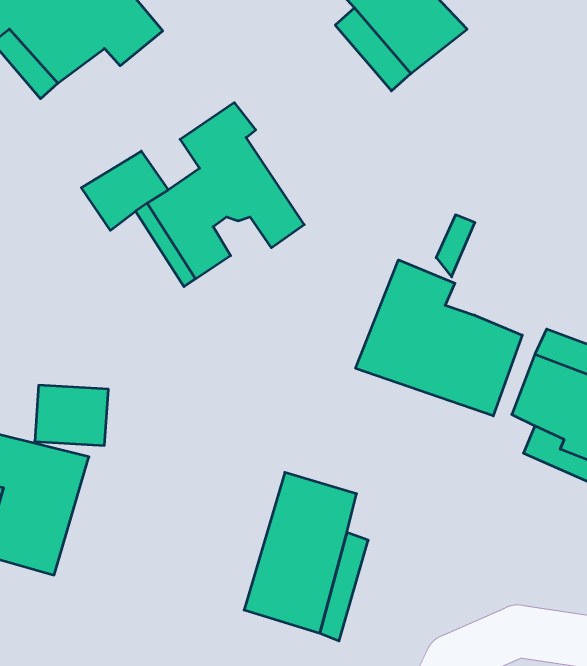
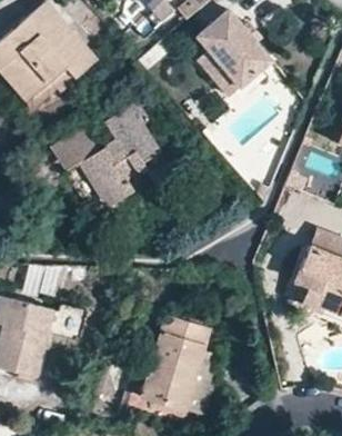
building: [356,260,522,416] -> none

